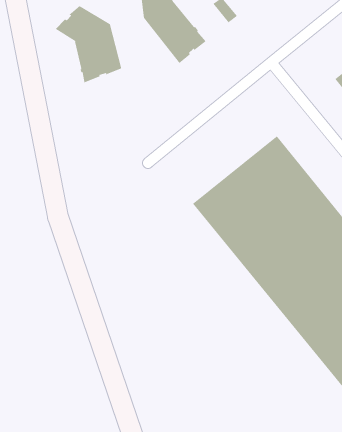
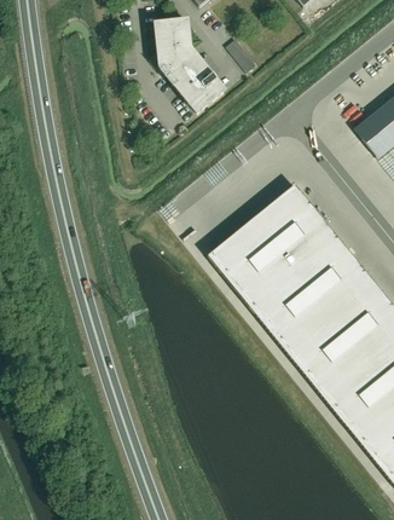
building: [55,5,122,83] -> none

